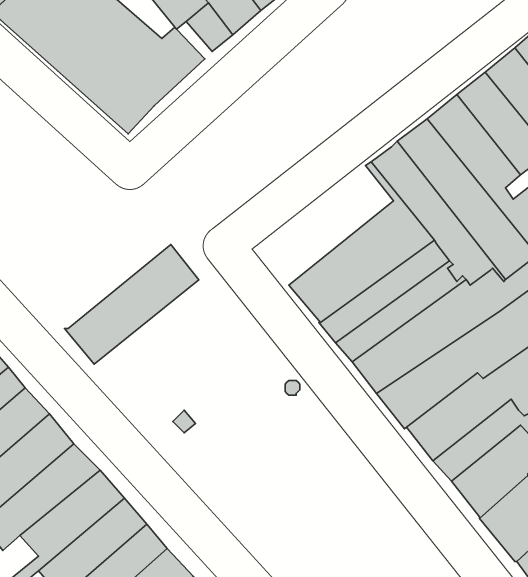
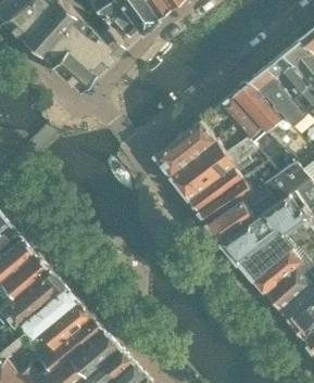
building: [64,244,199,364] -> [155,107,234,177]

